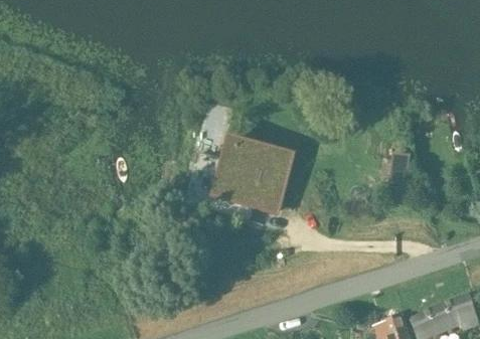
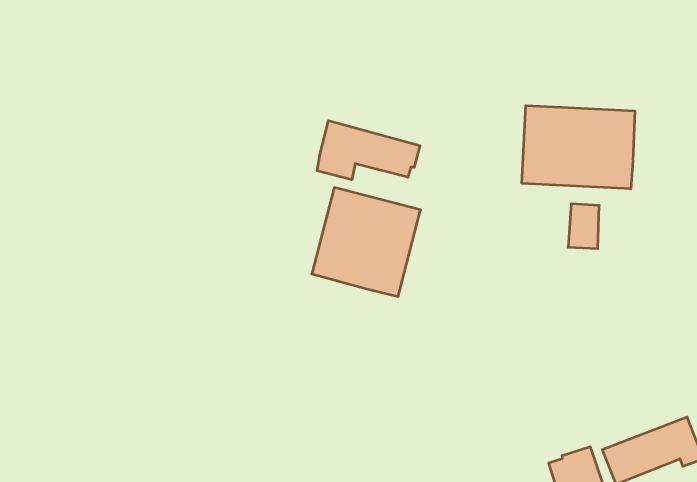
building: none -> [522,106,635,189]
building: none -> [317,121,420,180]

